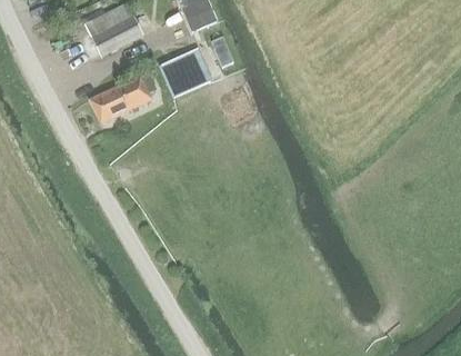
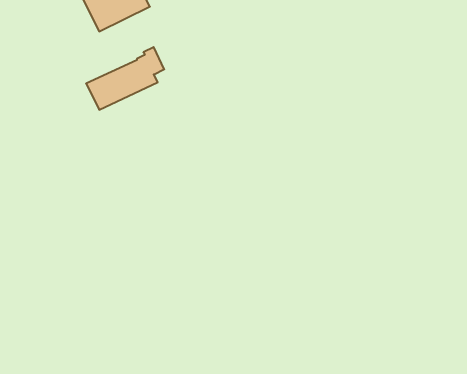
building: [161,49,211,96] -> none

